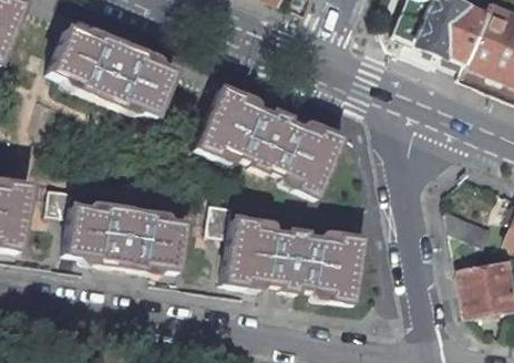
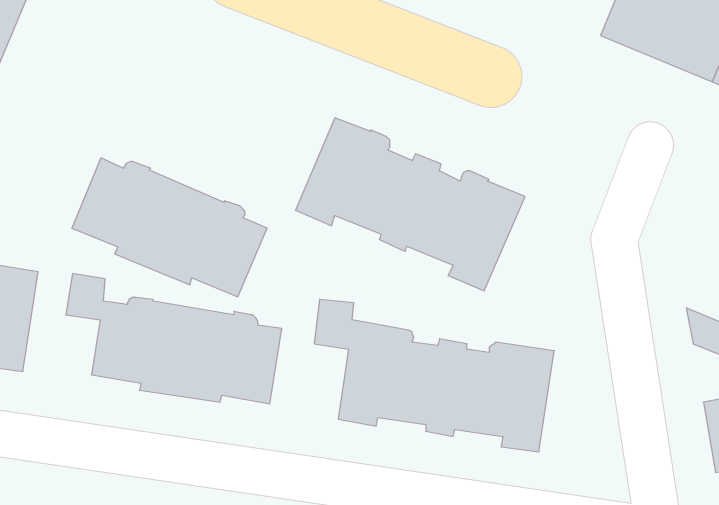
building: [48,28,174,117] -> [72,158,267,297]

